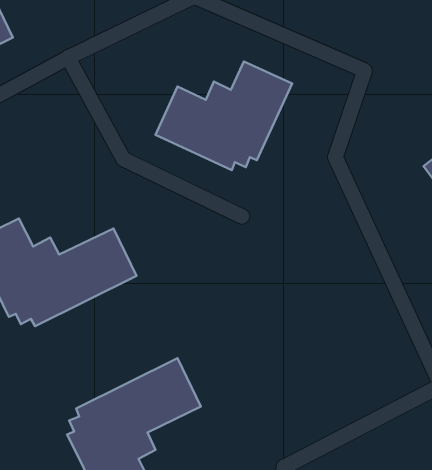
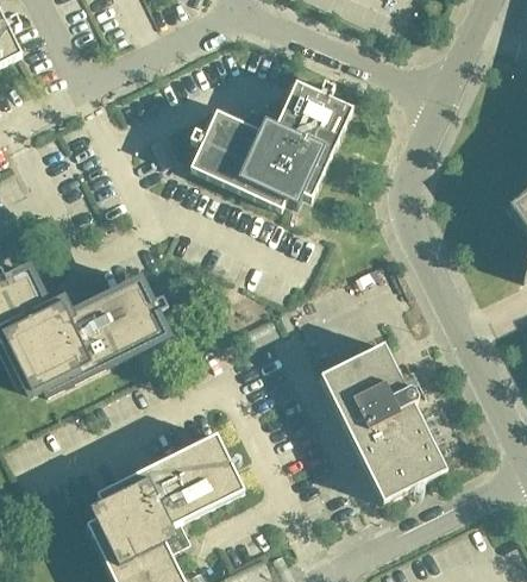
building: none -> [320,342,447,500]

